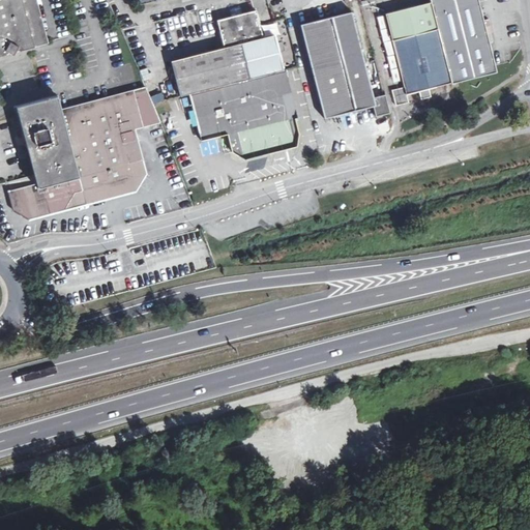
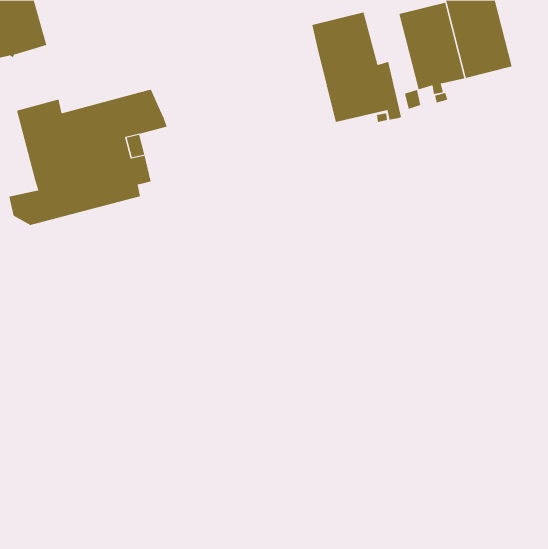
building: [170,10,297,159] -> none

